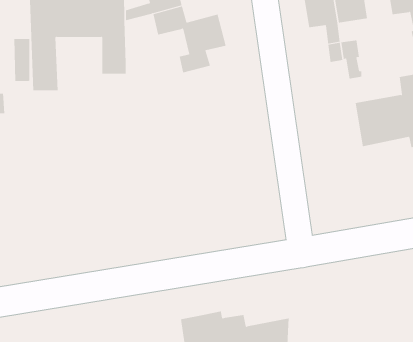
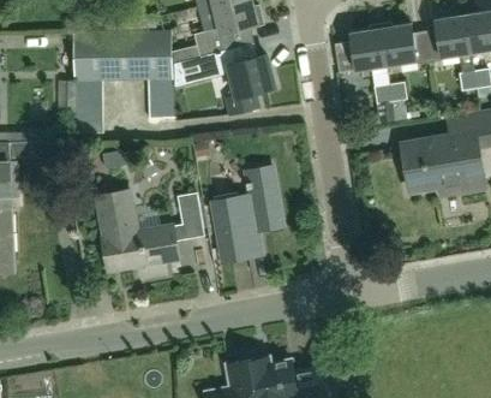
building: none -> [212,167,281,262]
building: none -> [97,191,179,271]
building: none -> [179,194,205,239]

